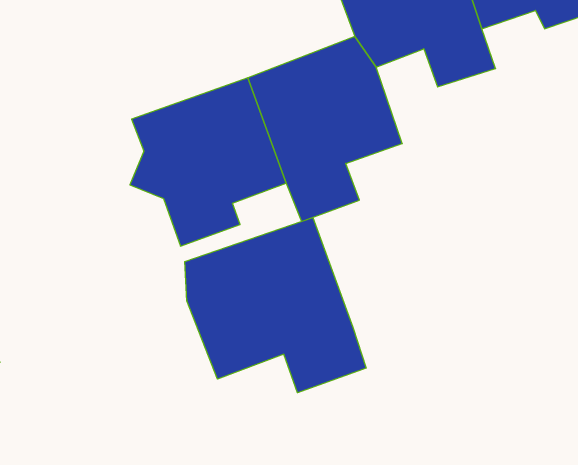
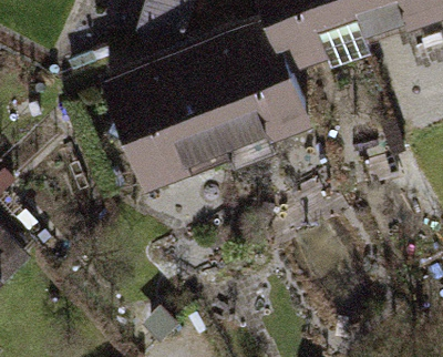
building: [185,218,366,393] -> none

